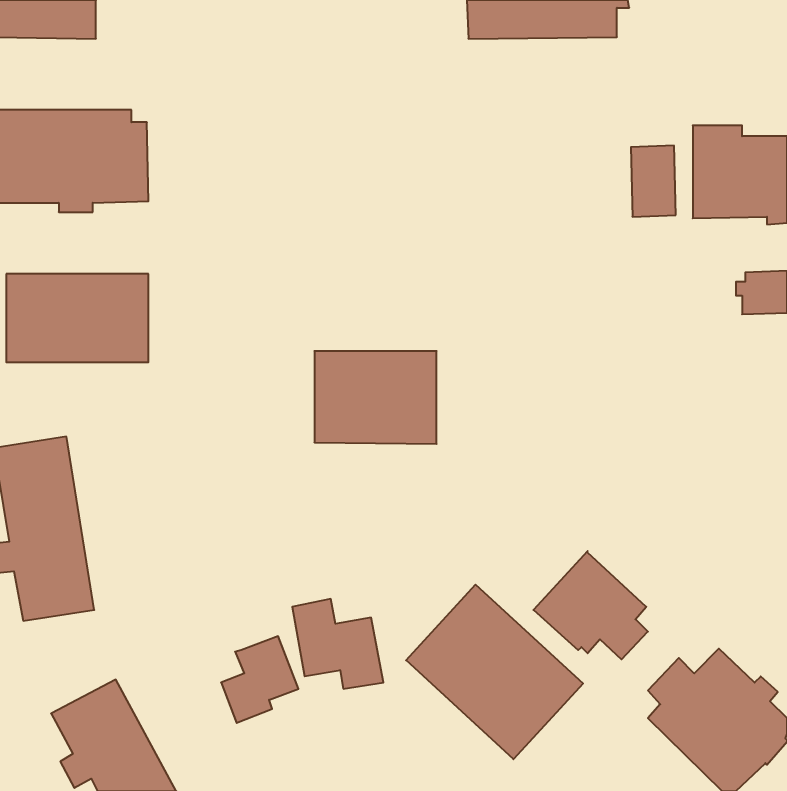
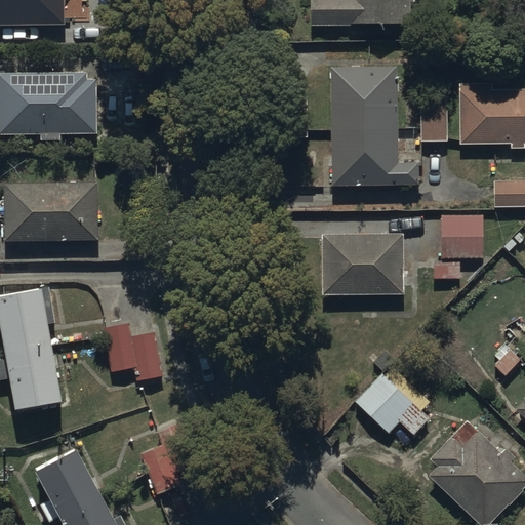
building: none -> [330,67,418,186]
building: none -> [440,215,485,280]
building: [314,351,437,444] -> [321,235,402,296]
building: [406,585,583,759] -> none
building: [292,599,383,689] -> [103,322,163,381]

